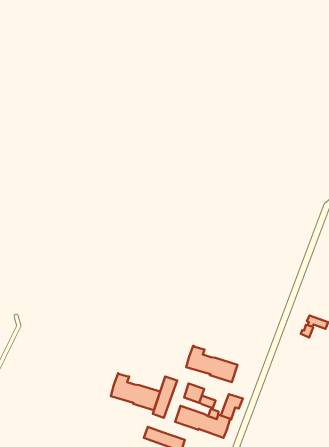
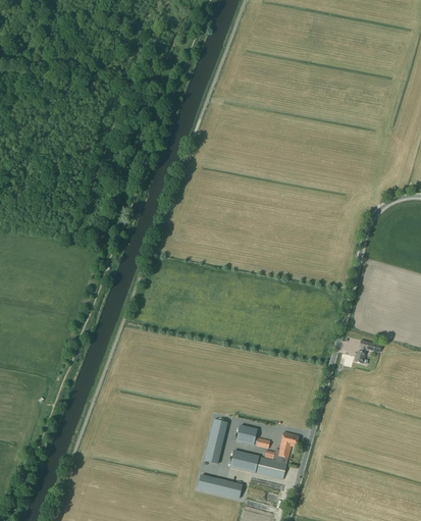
building: [186,346,238,382] -> none
building: [111,373,160,410] -> none

